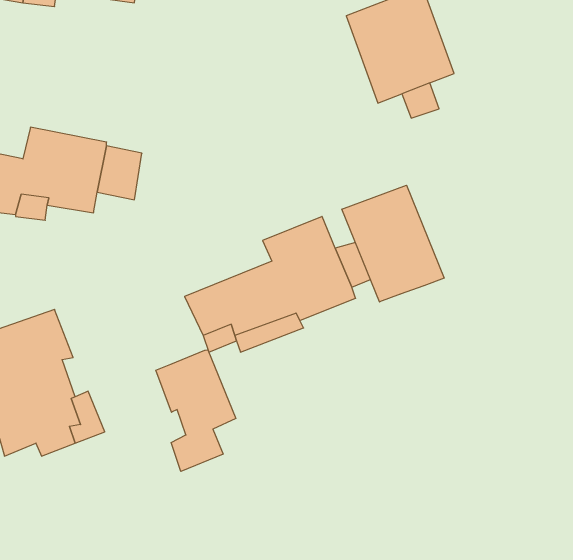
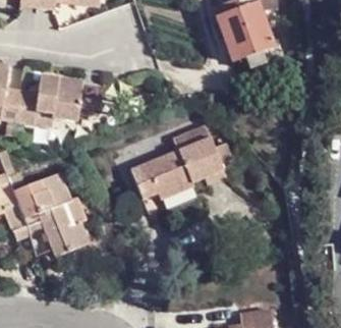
building: [342,185,444,302] -> none
building: [156,350,236,471] -> none

